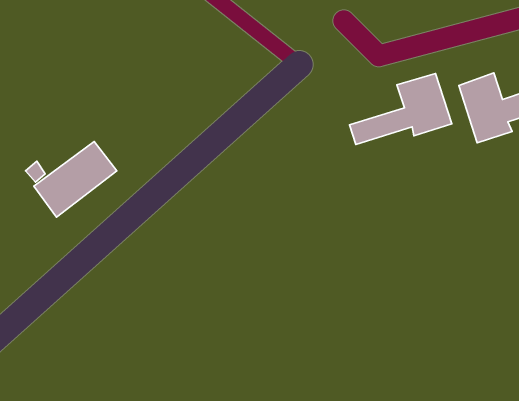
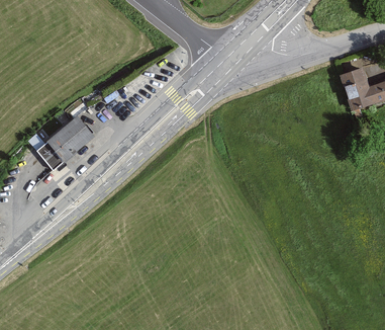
building: [349,74,452,145] -> none

